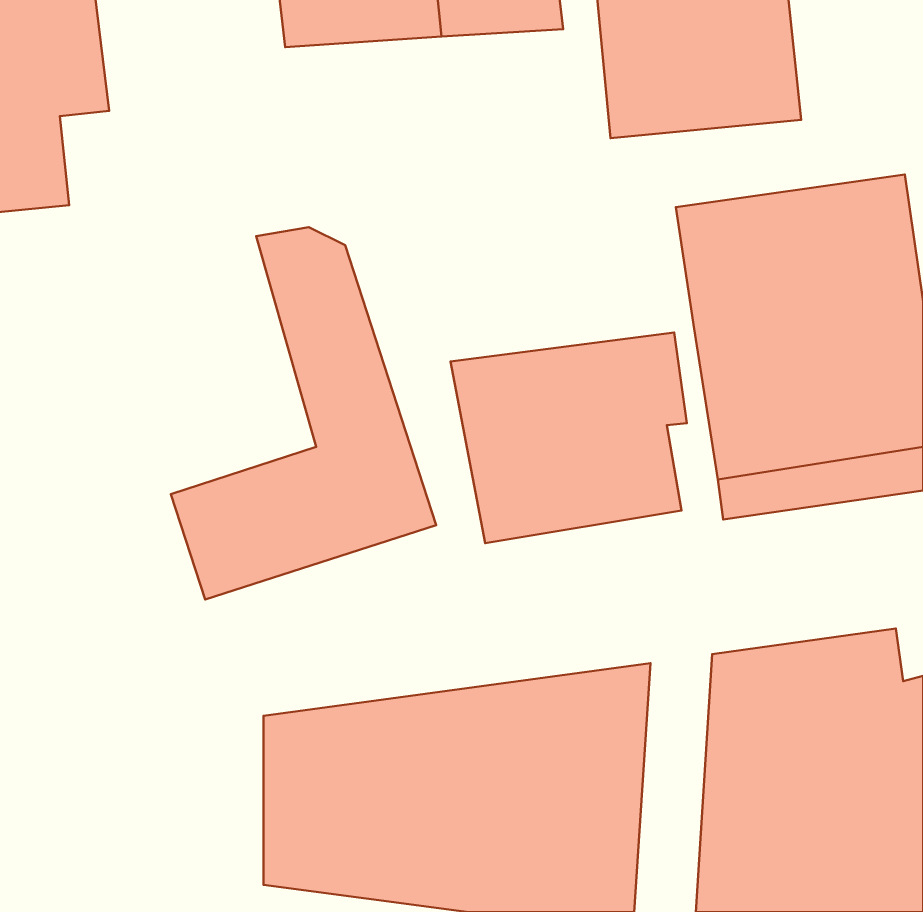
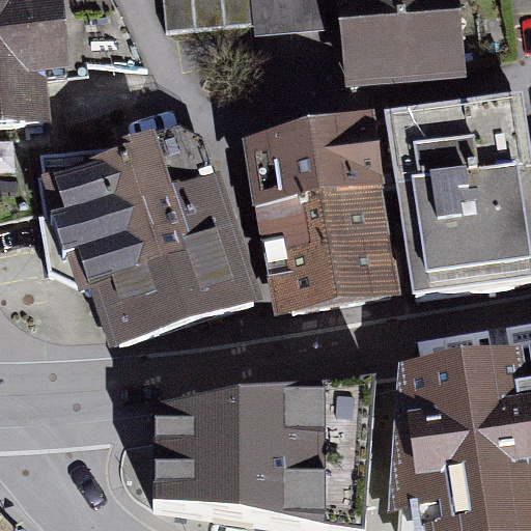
building: none -> [248,118,396,206]
building: none -> [37,135,180,285]

